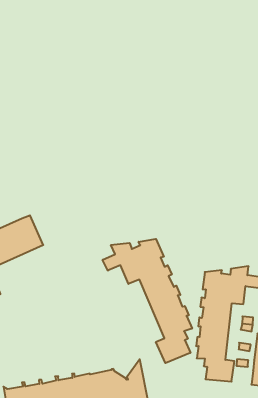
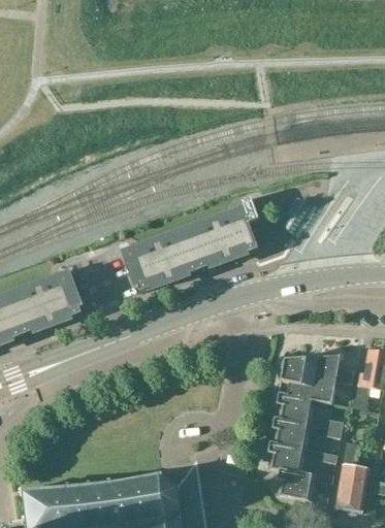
building: none -> [126,197,262,291]
building: [103,239,192,363] -> none

